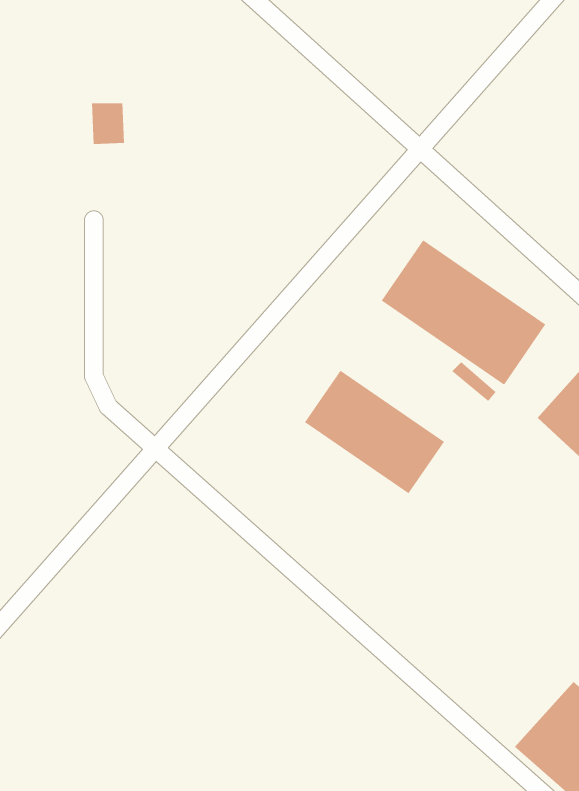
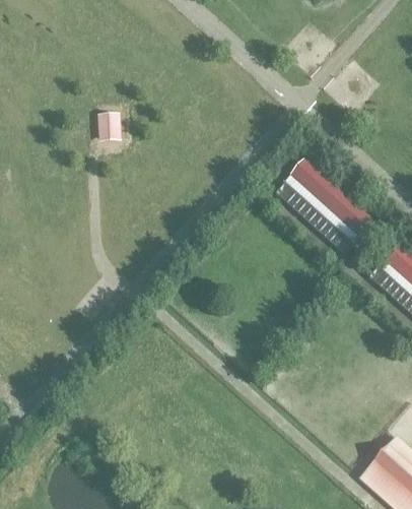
building: [91,103,125,145] -> [97,111,119,137]
building: [304,370,445,494] -> none

